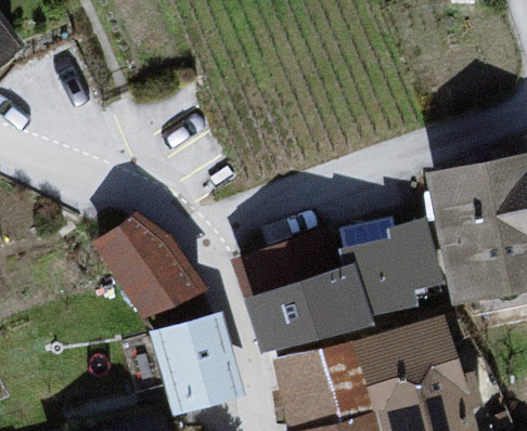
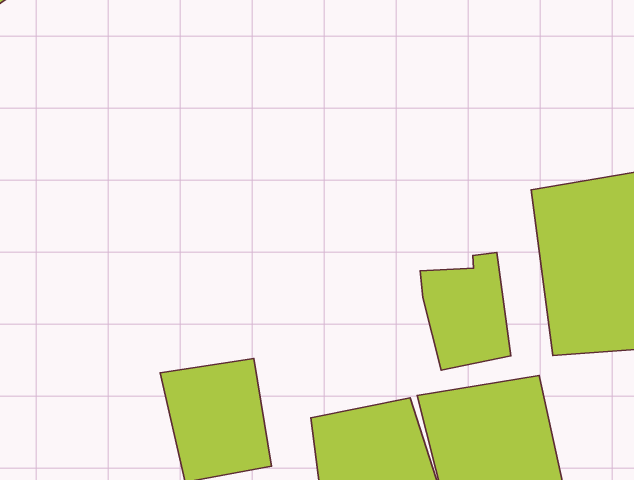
building: [91,218,211,325] -> none
building: [252,263,373,361] -> none

